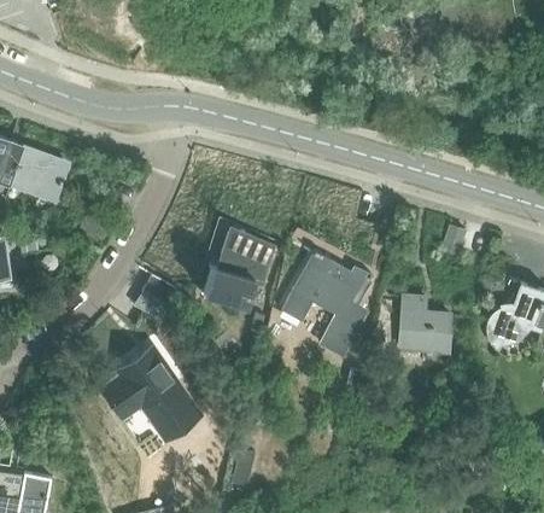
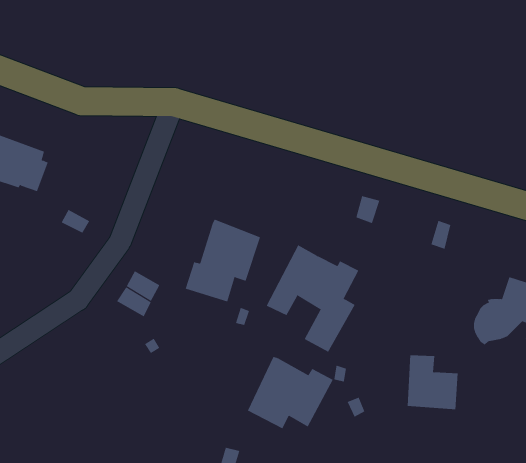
building: [399,298,450,352] -> [407,355,459,410]
building: [105,349,195,432] -> none
building: none -> [247,356,333,429]

